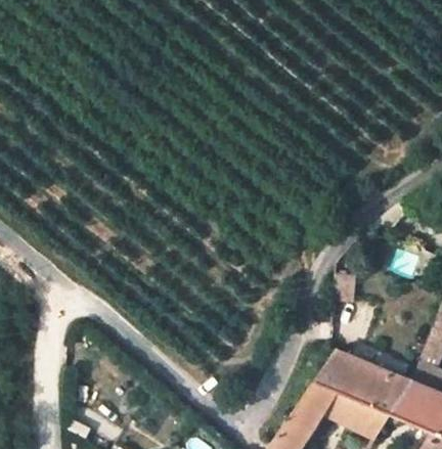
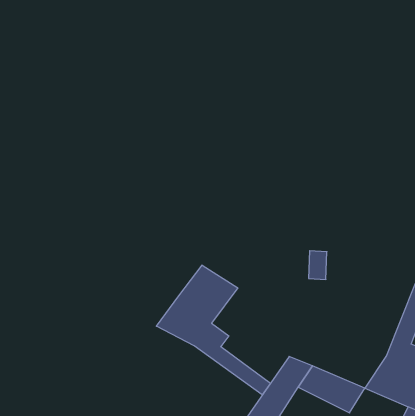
building: none -> [156,265,270,395]
building: [314,350,411,413] -> none

